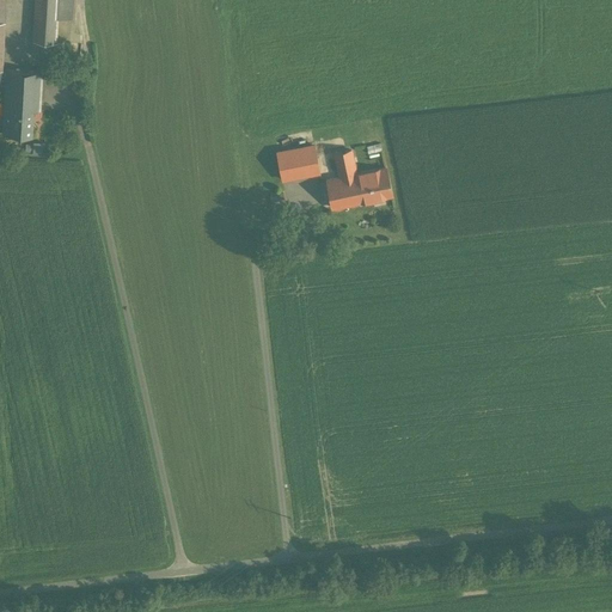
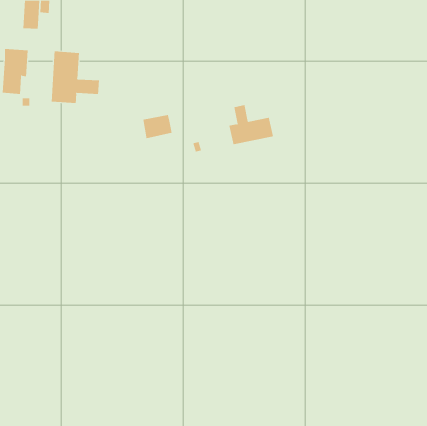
building: none -> [51,51,100,104]
building: [277,147,320,182] -> [142,115,173,139]

